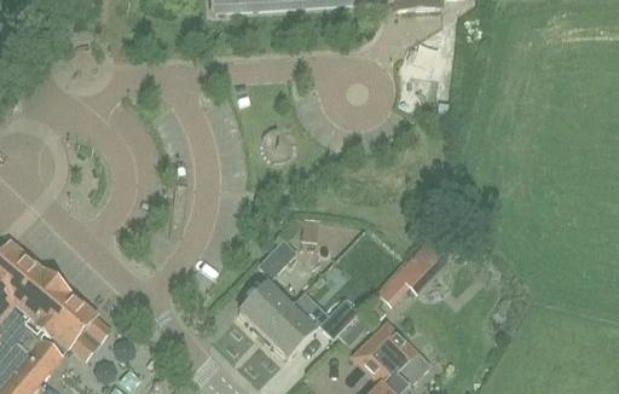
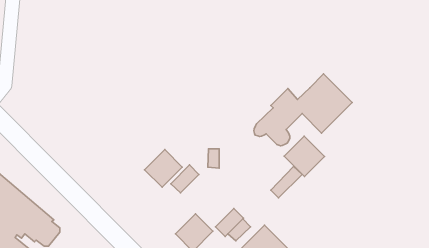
building: none -> [254,74,352,146]
building: none -> [284,136,324,177]
building: [239,282,291,334] -> [145,150,182,187]

